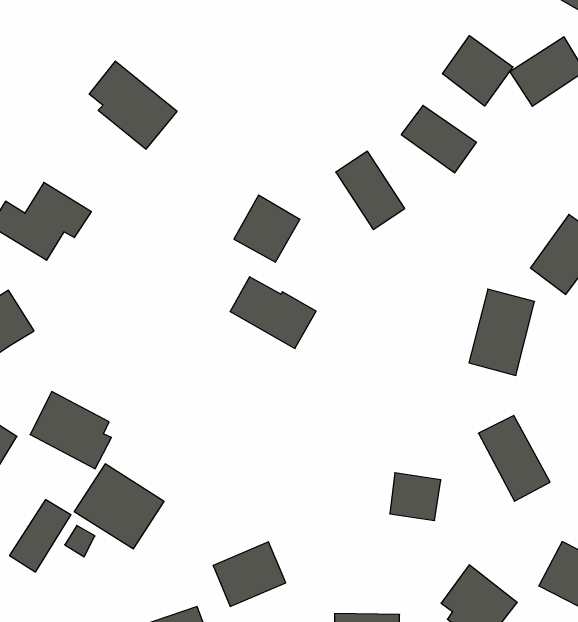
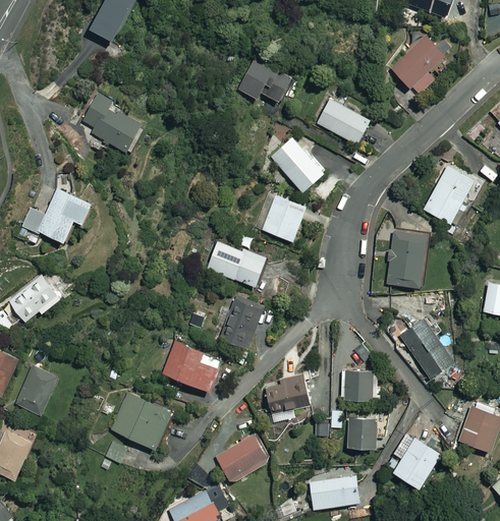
building: [442,36,513,106] -> none
building: none -> [237,57,292,102]
building: [234,195,300,262] -> [261,194,308,242]
building: none -> [217,295,265,349]
building: [30,392,111,469] -> [161,341,221,394]
building: none -> [265,373,310,422]
building: [10,500,71,572] -> none
building: none -> [346,419,377,450]

